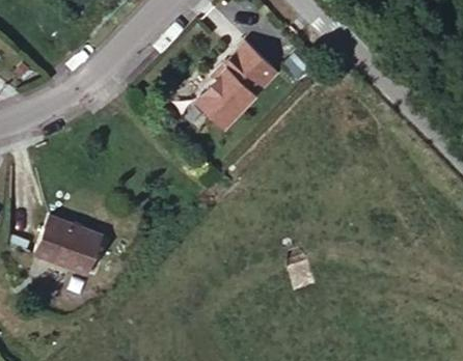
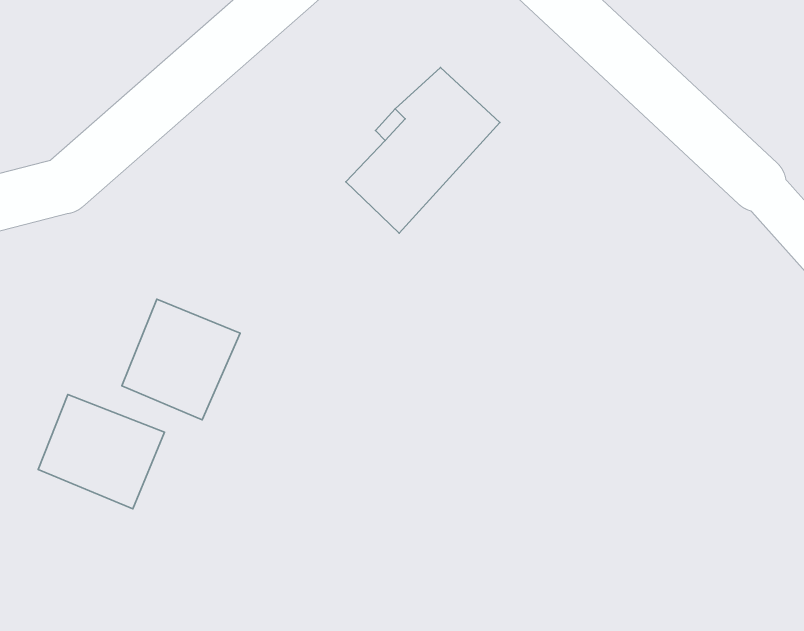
building: none -> [122,299,240,420]

